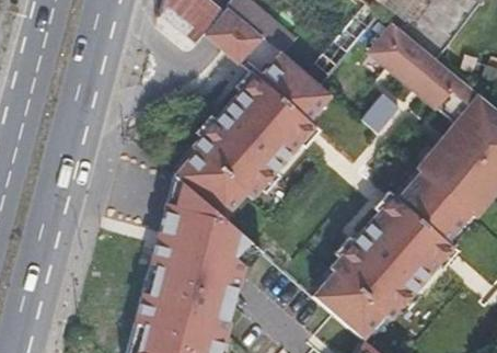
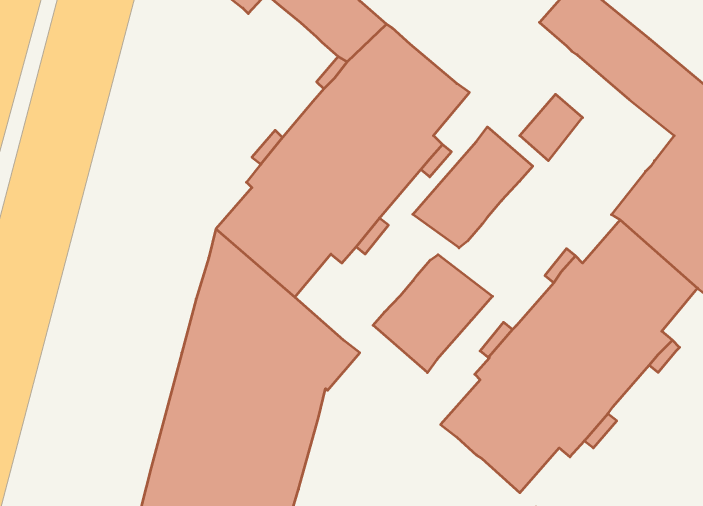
building: none -> [413,127,533,248]
building: none -> [373,255,493,373]

